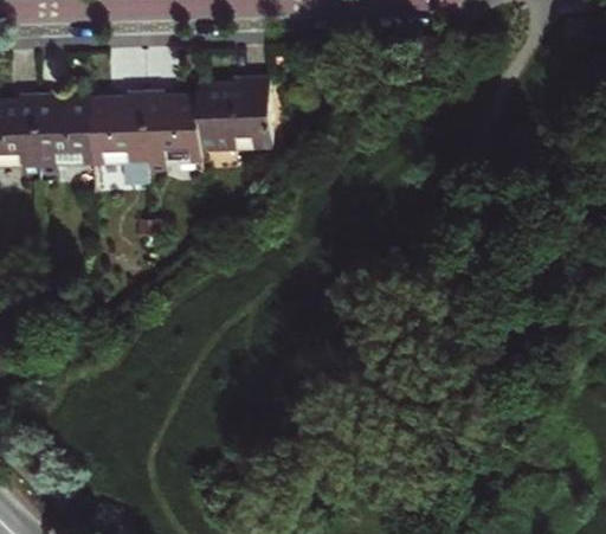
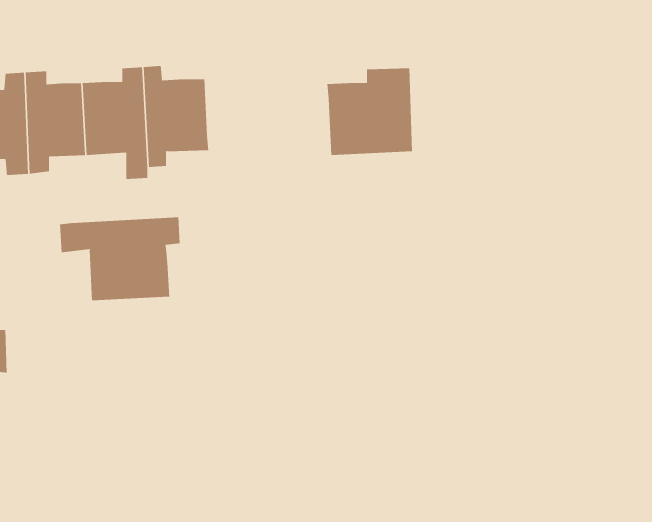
building: [193,71,270,149] -> [326,68,413,155]
building: none -> [60,216,180,301]

